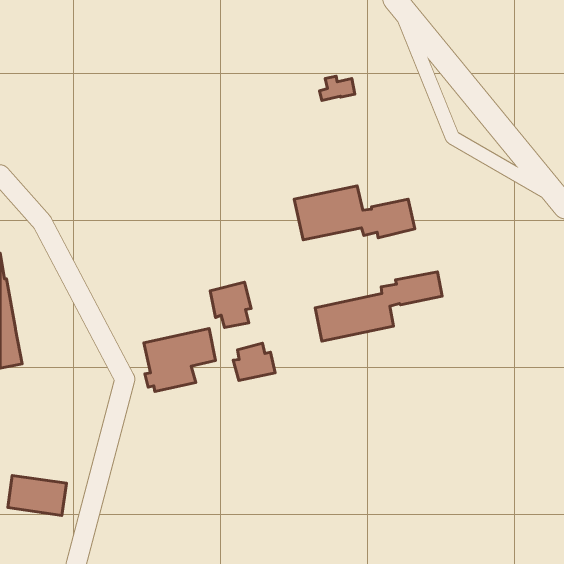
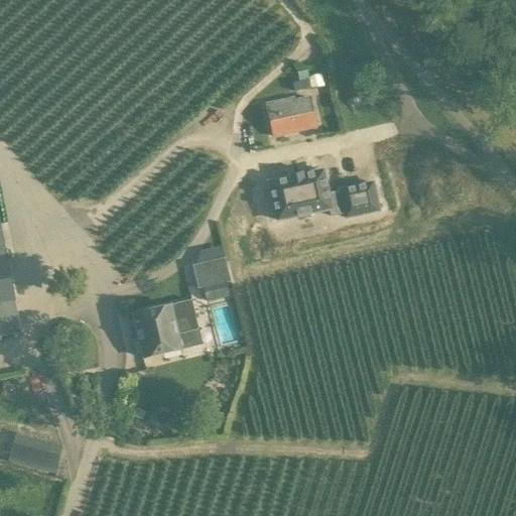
building: none -> [261,91,317,138]
building: [315,272,442,341] -> none
building: [233,343,275,381] -> none

